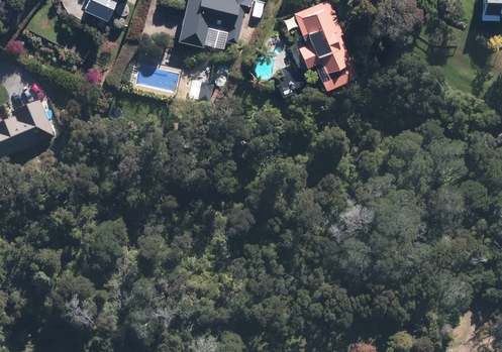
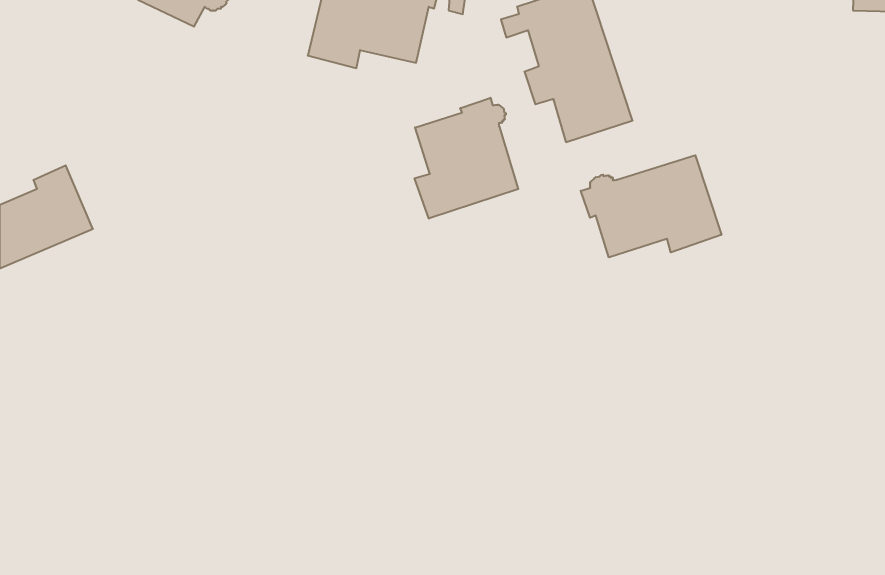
building: none -> [415,98,518,219]
building: none -> [581,155,721,257]

